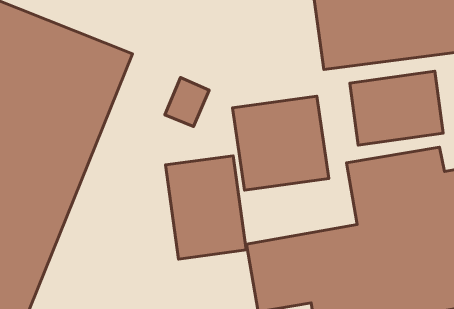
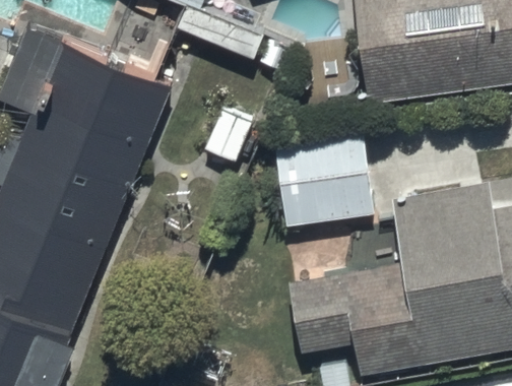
building: [350,71,443,145] -> none
building: [165,156,246,259] -> none

